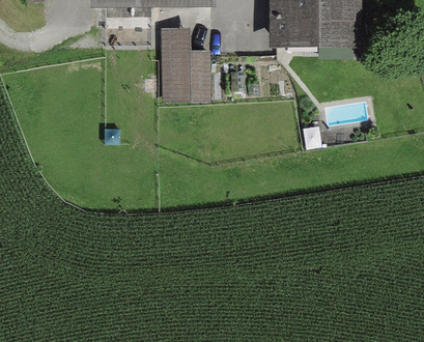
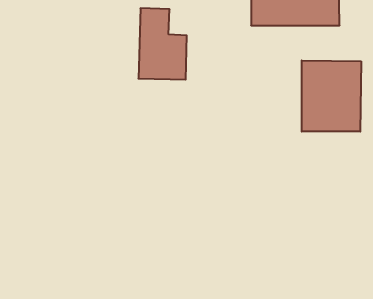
building: none -> [302,60,361,132]

